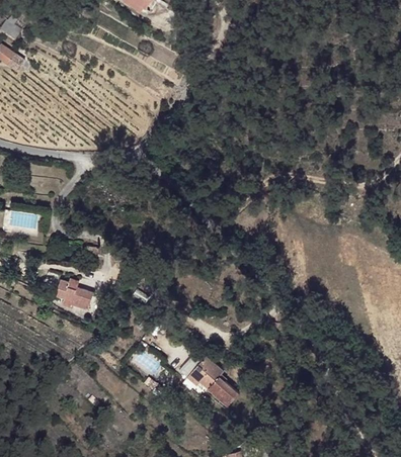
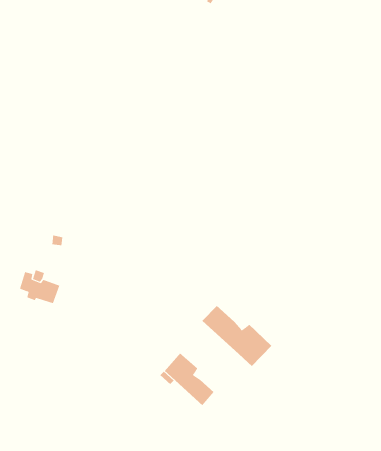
building: none -> [201,305,272,367]

